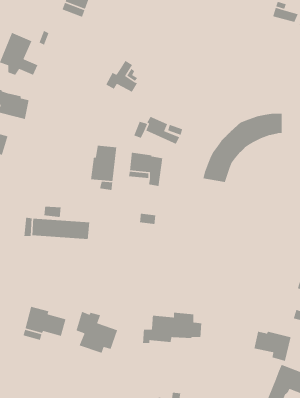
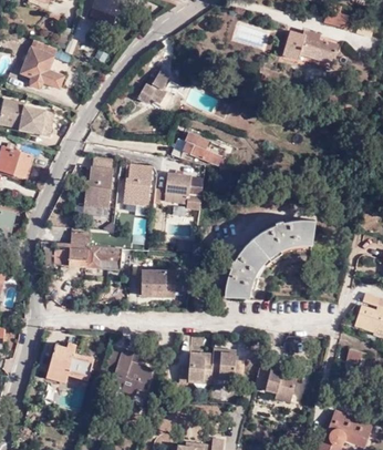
building: none -> [282,32,337,63]
building: [203,113,282,183] -> [221,221,310,298]
building: none -> [86,156,114,208]
building: none -> [141,268,176,295]
building: [253,331,291,362] -> [256,368,298,402]

